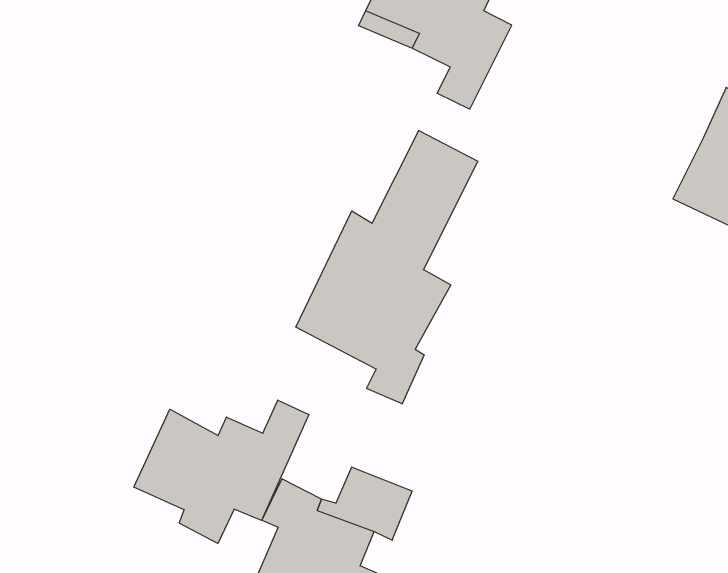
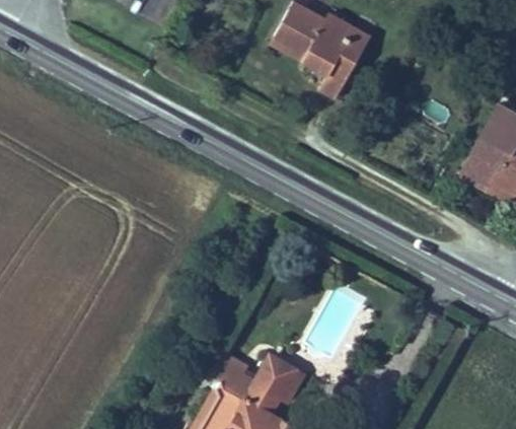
building: [296,130,478,404] -> none
building: [134,400,309,543] -> none

